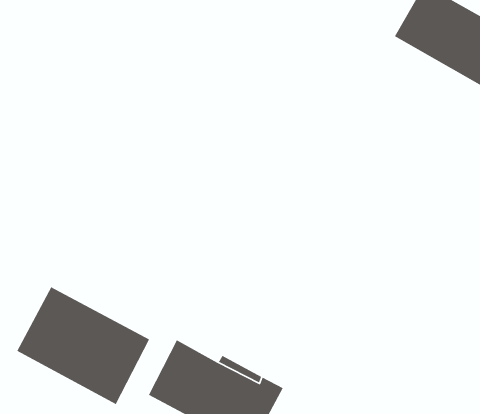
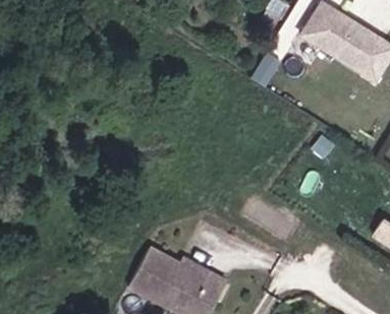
building: [16,286,150,405] -> none

